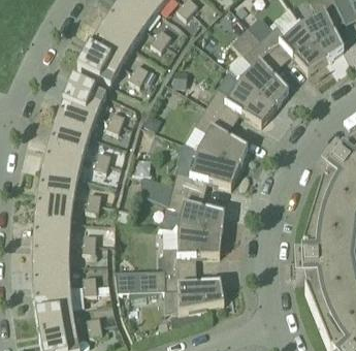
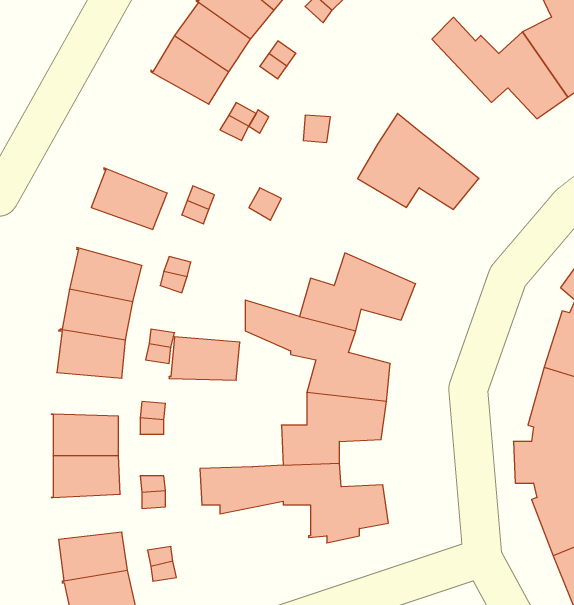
building: [231,27,288,106] -> none
building: [76,45,121,85] -> none
building: [61,77,105,115] -> none
building: [194,106,247,166] -> none
building: [45,123,89,156] -> none
building: [31,217,71,242] -> [169,337,240,380]
building: [31,286,71,312] -> none

